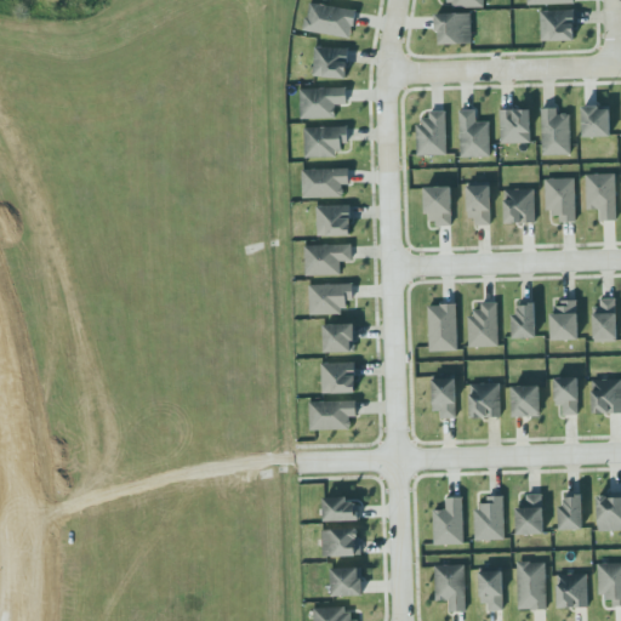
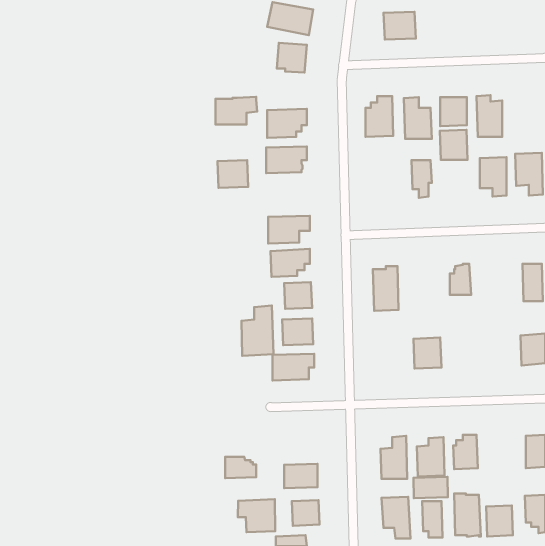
building: [540,11,574,41] -> none
building: [300,85,347,116] -> [216,97,257,124]
building: [581,102,609,133] -> none
building: [425,187,452,226] -> none
building: [503,189,535,223] -> [440,130,468,160]
building: [315,203,351,234] -> [217,160,248,188]
building: [548,298,576,337] -> none
building: [466,301,497,347] -> none
building: none -> [242,306,274,356]
building: [553,375,577,415] -> none
building: [431,376,456,417] -> none
building: [512,386,540,417] -> none
building: [557,491,581,528] -> none
building: [324,495,359,519] -> [225,457,256,478]
building: none -> [413,477,448,498]
building: none -> [238,499,275,532]

